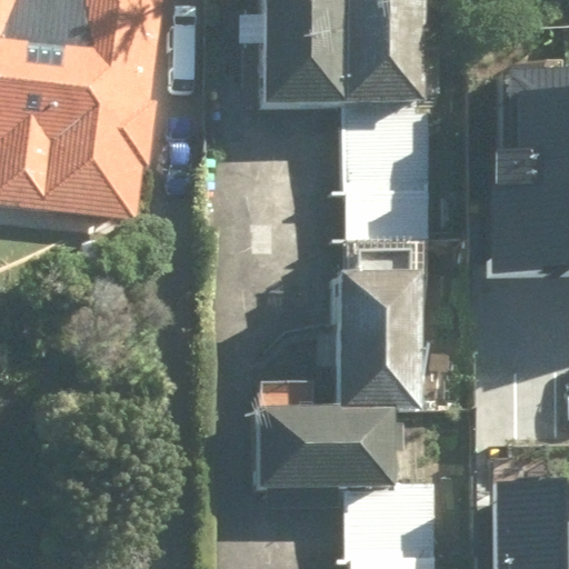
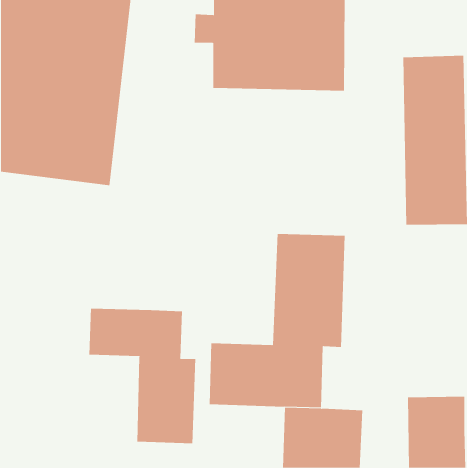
building: [340,117,431,242] -> none
building: none -> [89,308,196,444]

